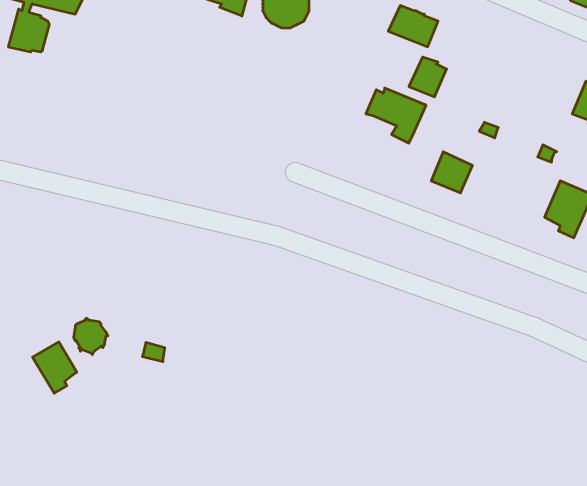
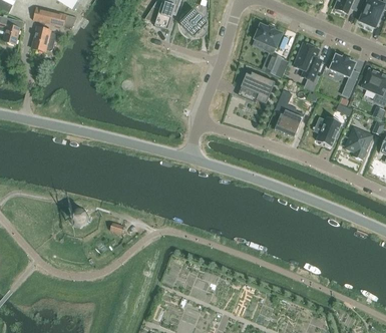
building: none -> [294,43,323,81]
building: none -> [330,54,359,87]
building: none -> [317,116,342,146]
building: [33,342,77,393] -> none

